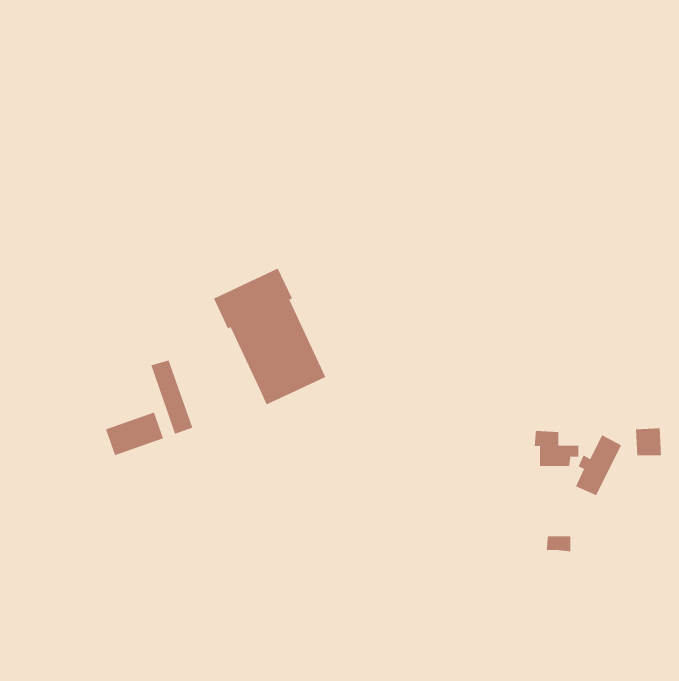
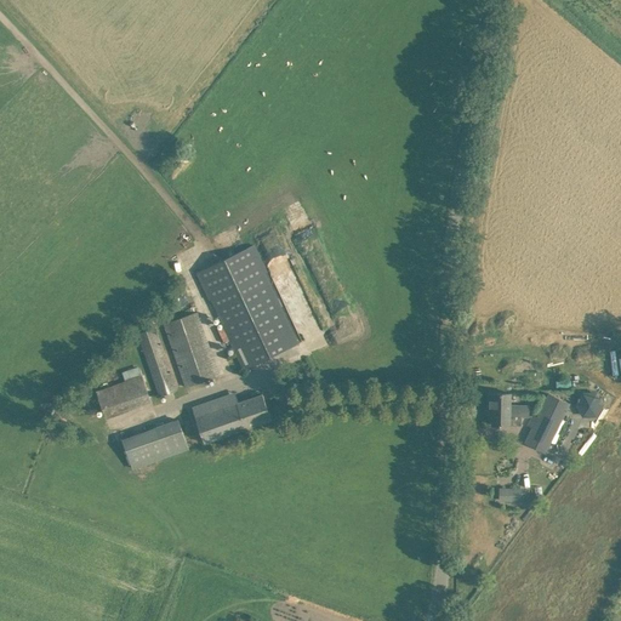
building: none -> [163,312,217,387]
building: none -> [194,394,270,443]
building: none -> [121,420,187,468]

